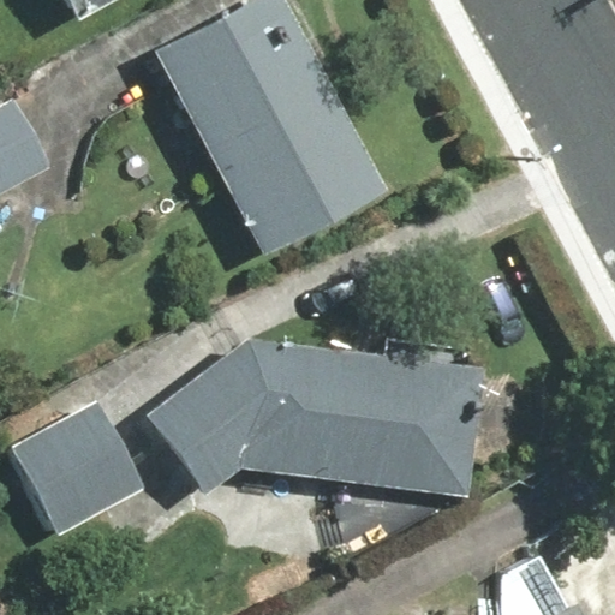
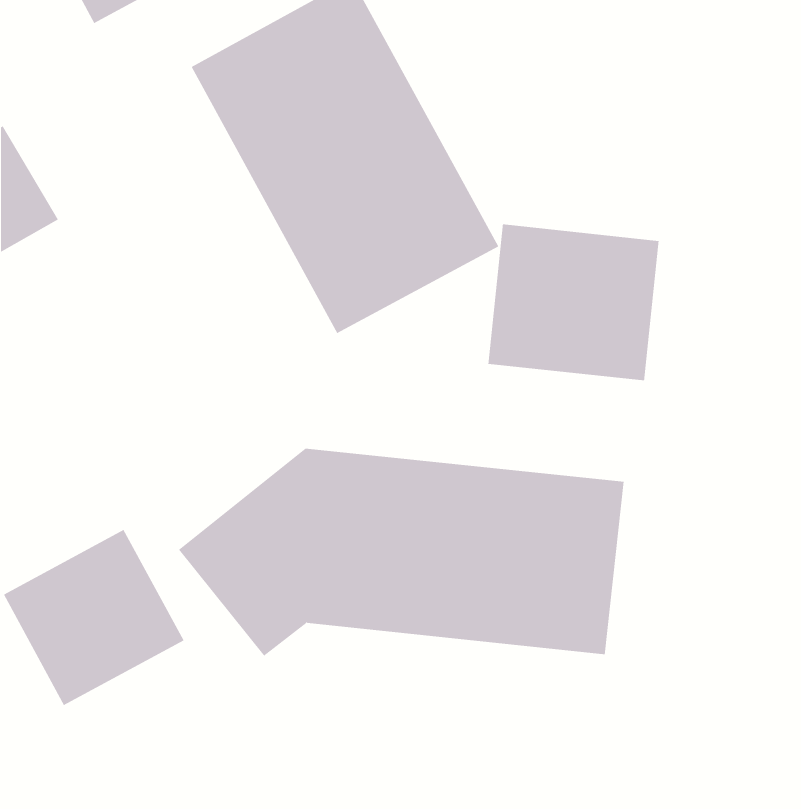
building: none -> [488,224,659,381]

